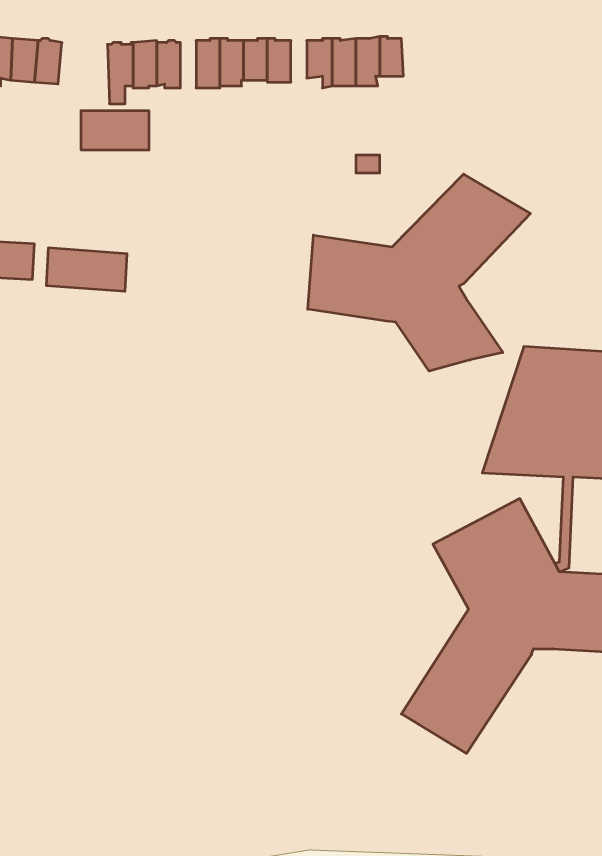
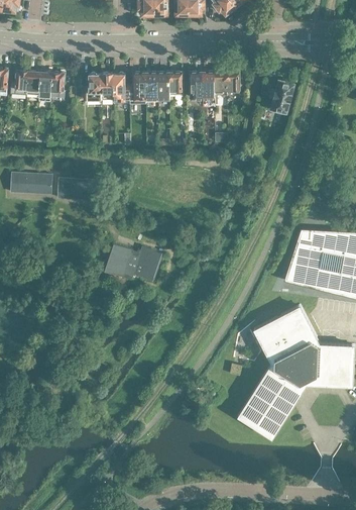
building: none -> [260,80,293,114]
building: [81,111,149,150] -> none
building: [308,174,530,371] -> none
building: none -> [102,243,163,280]

